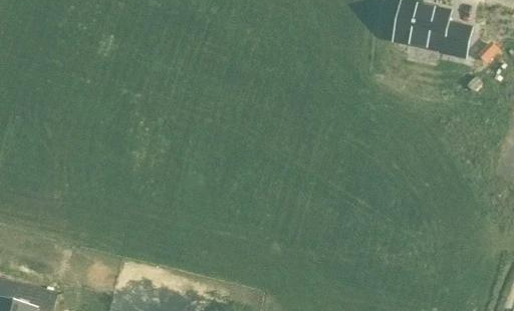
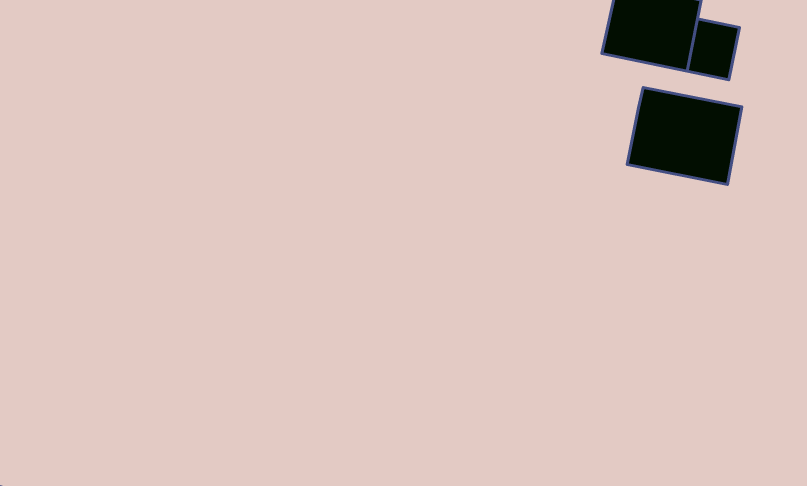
building: none -> [627,87,742,184]

